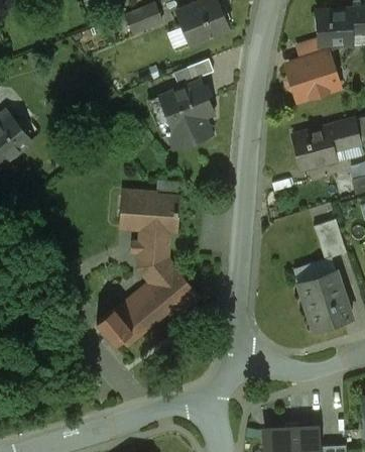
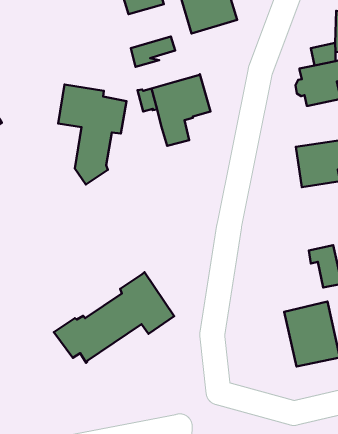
building: [173,59,213,89] -> [131,36,175,67]
building: [120,191,178,277] -> [58,84,127,185]

